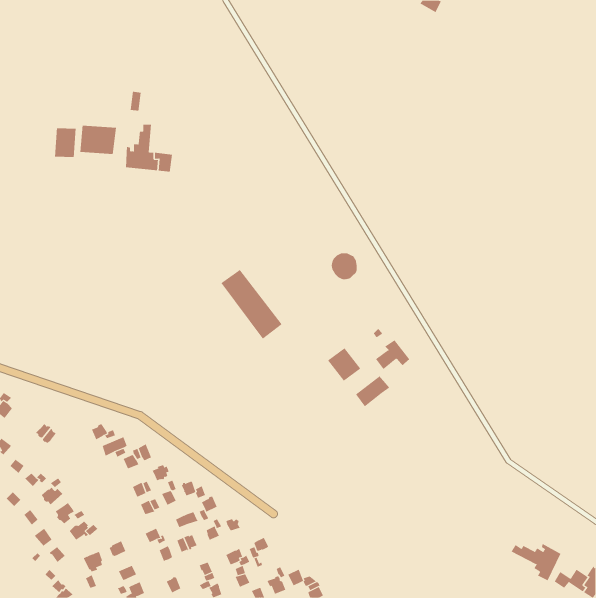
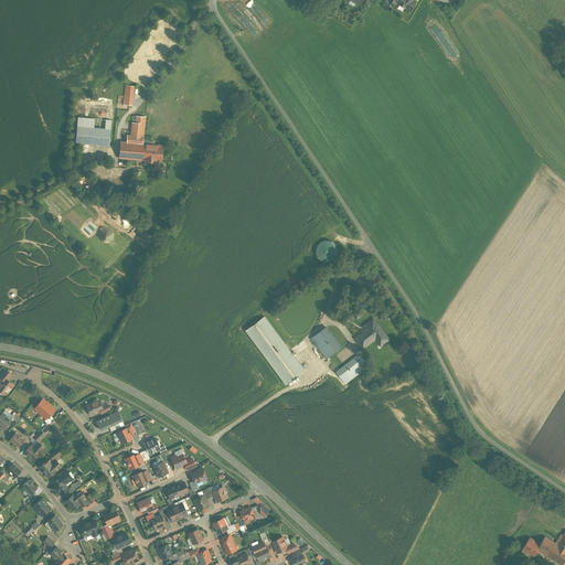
building: [54,128,76,158] -> none
building: [220,269,282,339] -> [245,318,303,384]
building: [511,543,561,581] -> none

